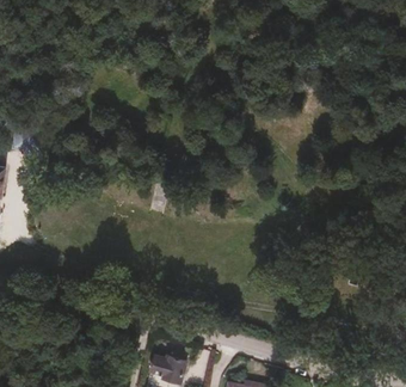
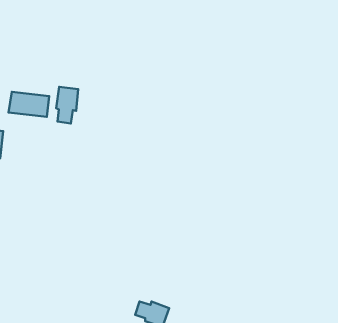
building: none -> [56,87,78,123]

